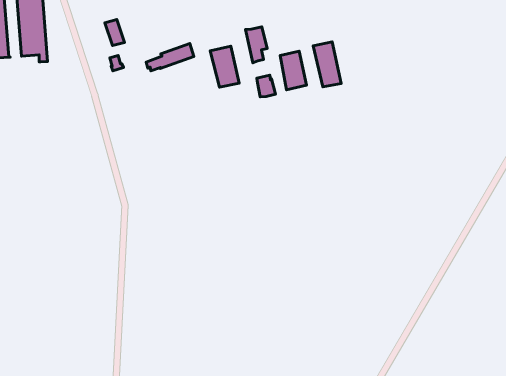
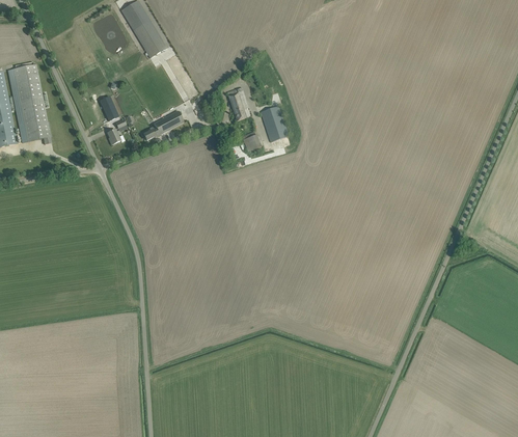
building: [313,42,341,87] -> none
building: [210,46,239,87] -> none

